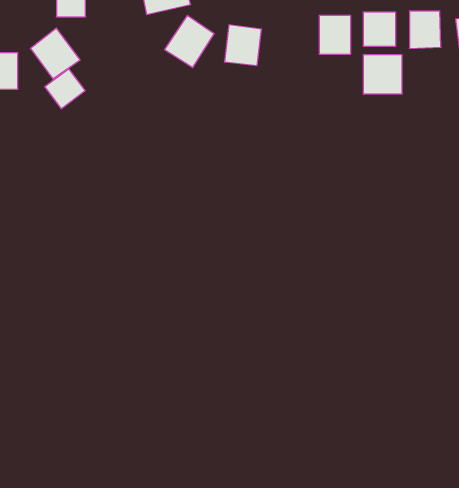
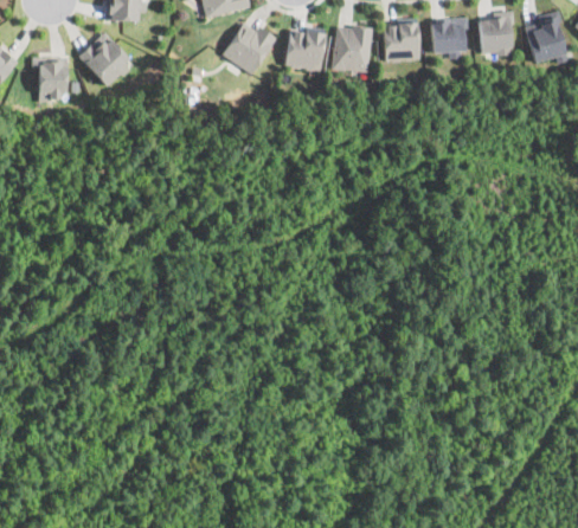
building: none -> [333,26,371,73]
building: [363,55,402,94] -> none
building: [45,69,85,109] -> none

